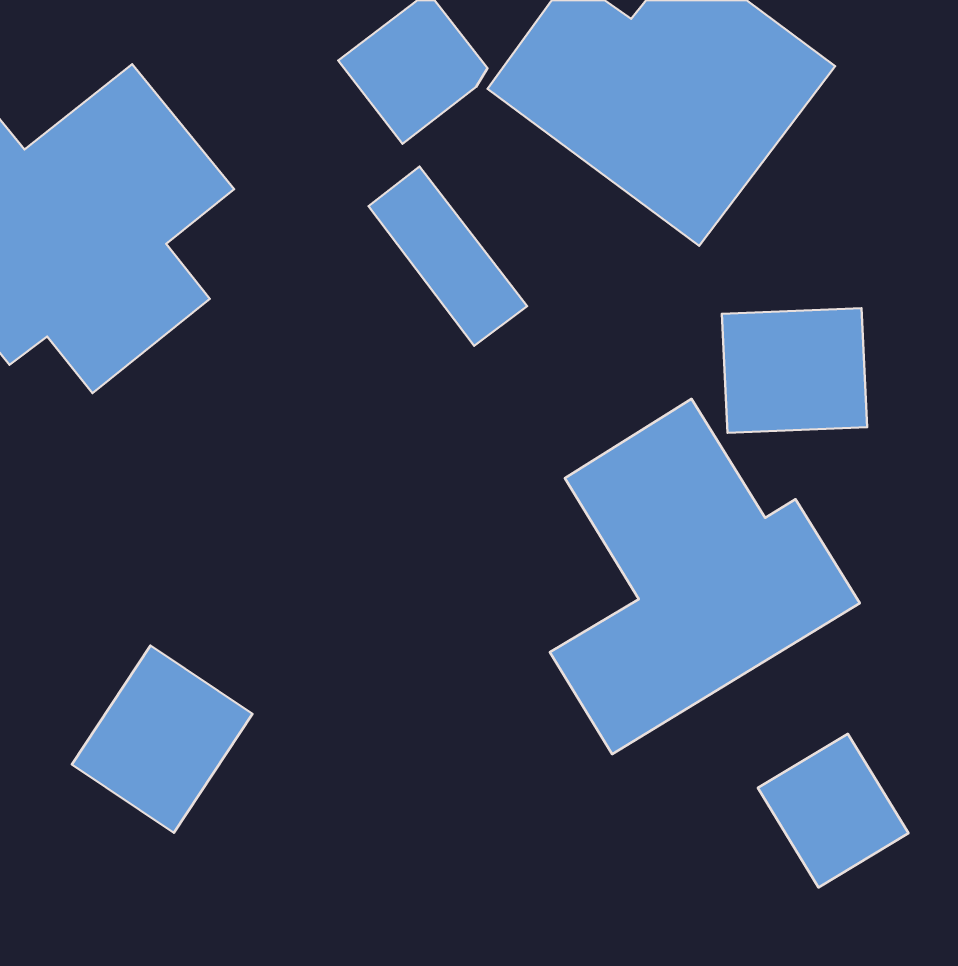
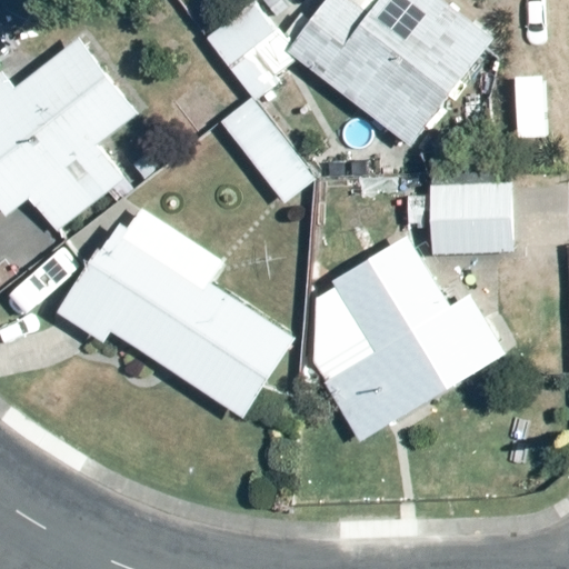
building: none -> [58,198,300,420]
building: [72,646,252,833] -> none
building: [758,734,908,887] -> none

